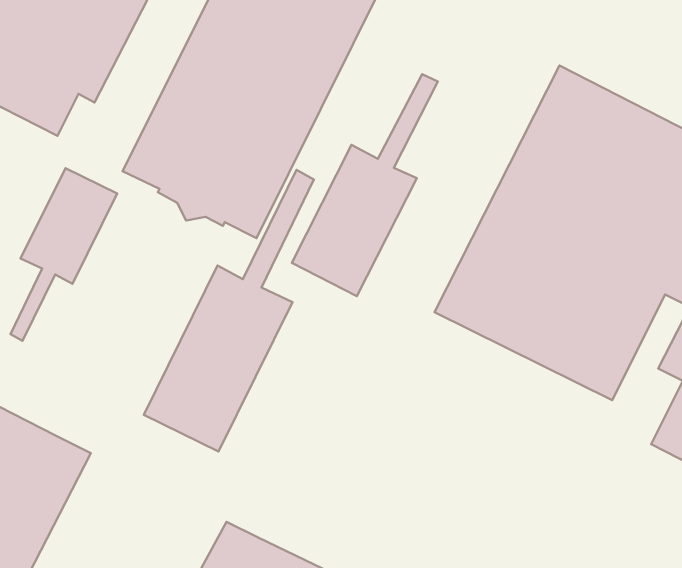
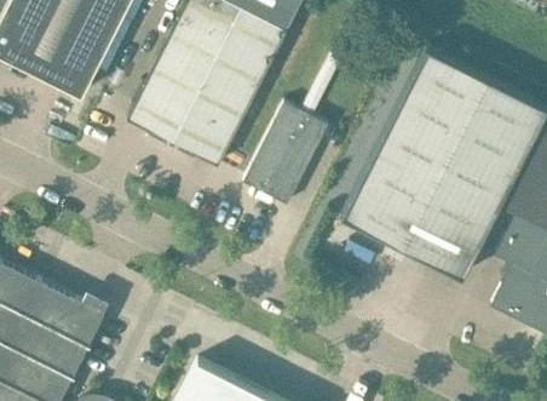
building: [10,168,117,341] -> none
building: [144,170,314,451] -> none

